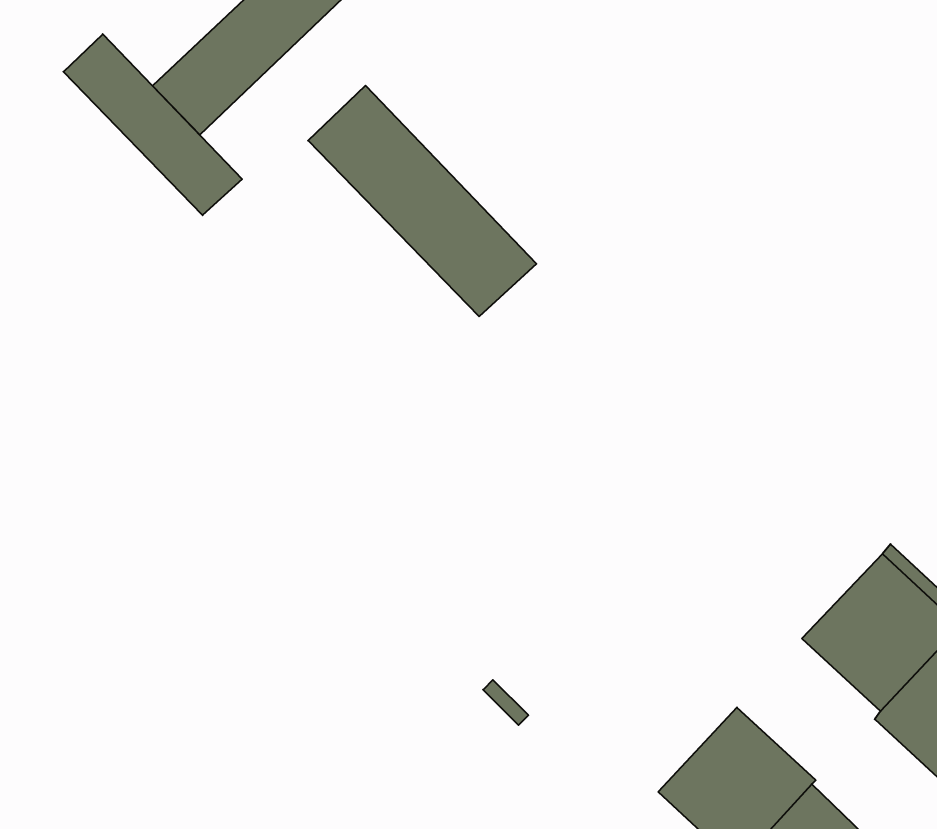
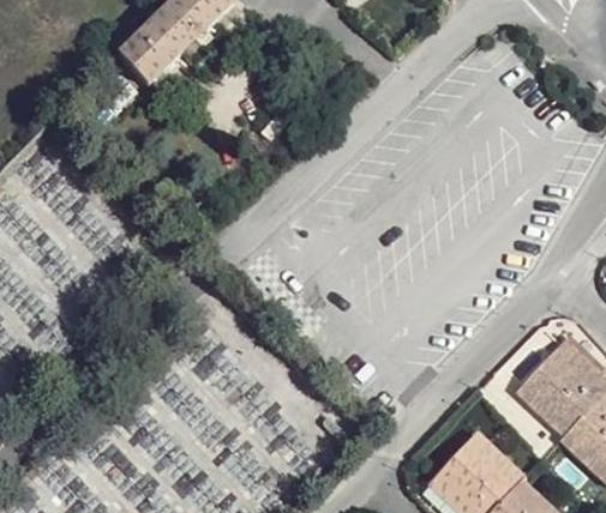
building: [63,34,242,215] -> none
building: [308,86,536,316] -> none

